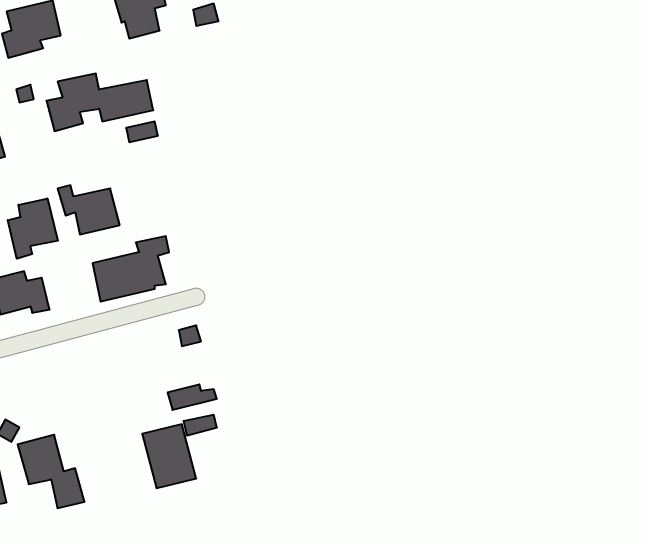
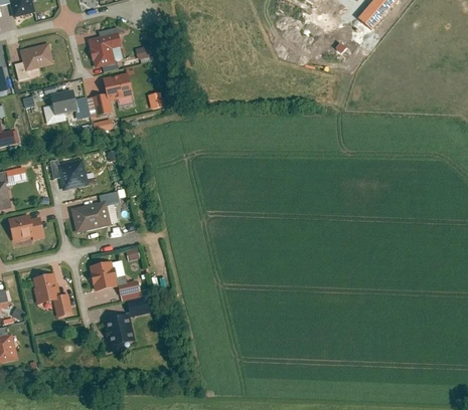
building: none -> [104,70,134,99]
building: [8,198,58,259] -> none
building: none -> [90,259,119,290]
building: [18,435,85,508] -> [32,271,74,318]

